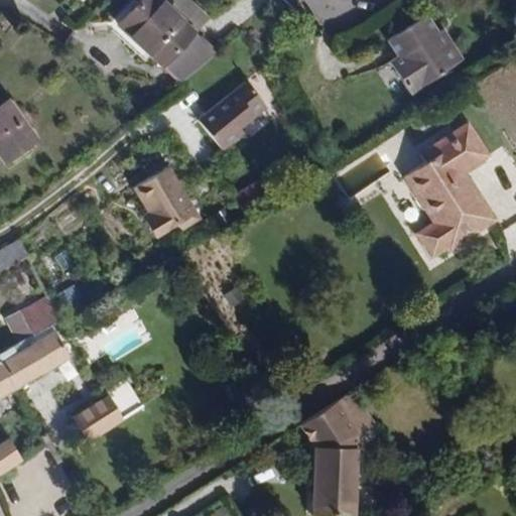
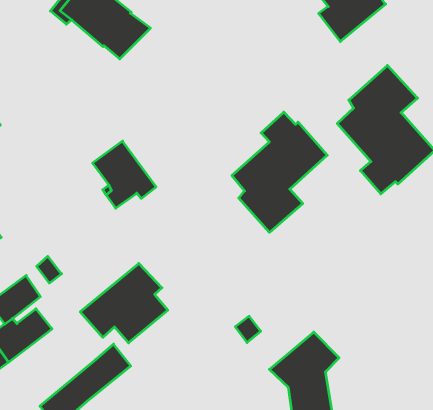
building: [202,84,266,147] -> none
building: none -> [232,112,327,232]
building: none -> [80,263,168,343]

